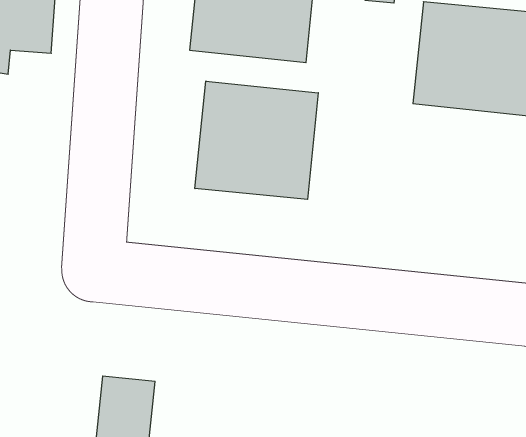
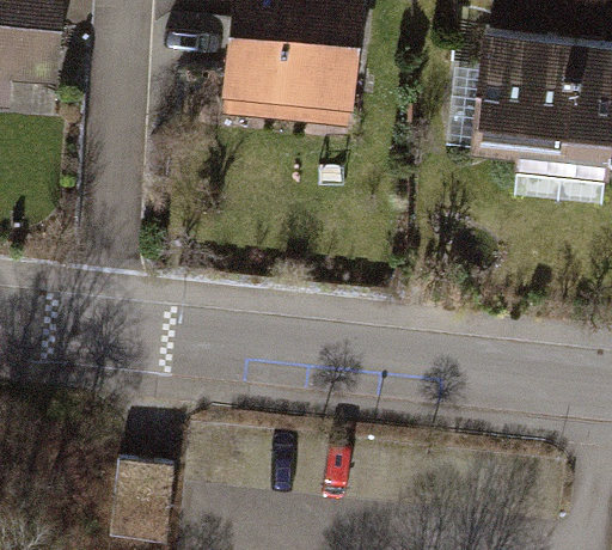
building: [195,81,318,199] -> none

